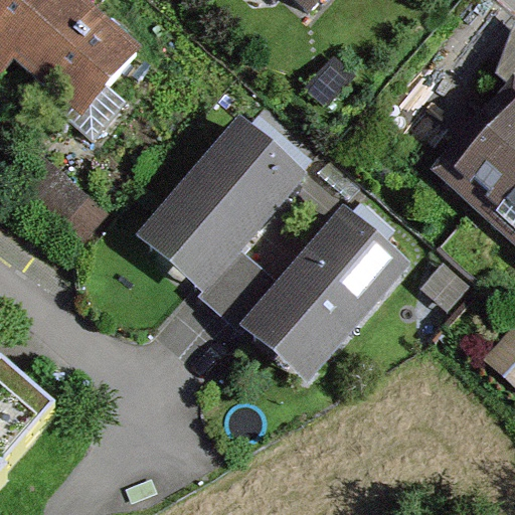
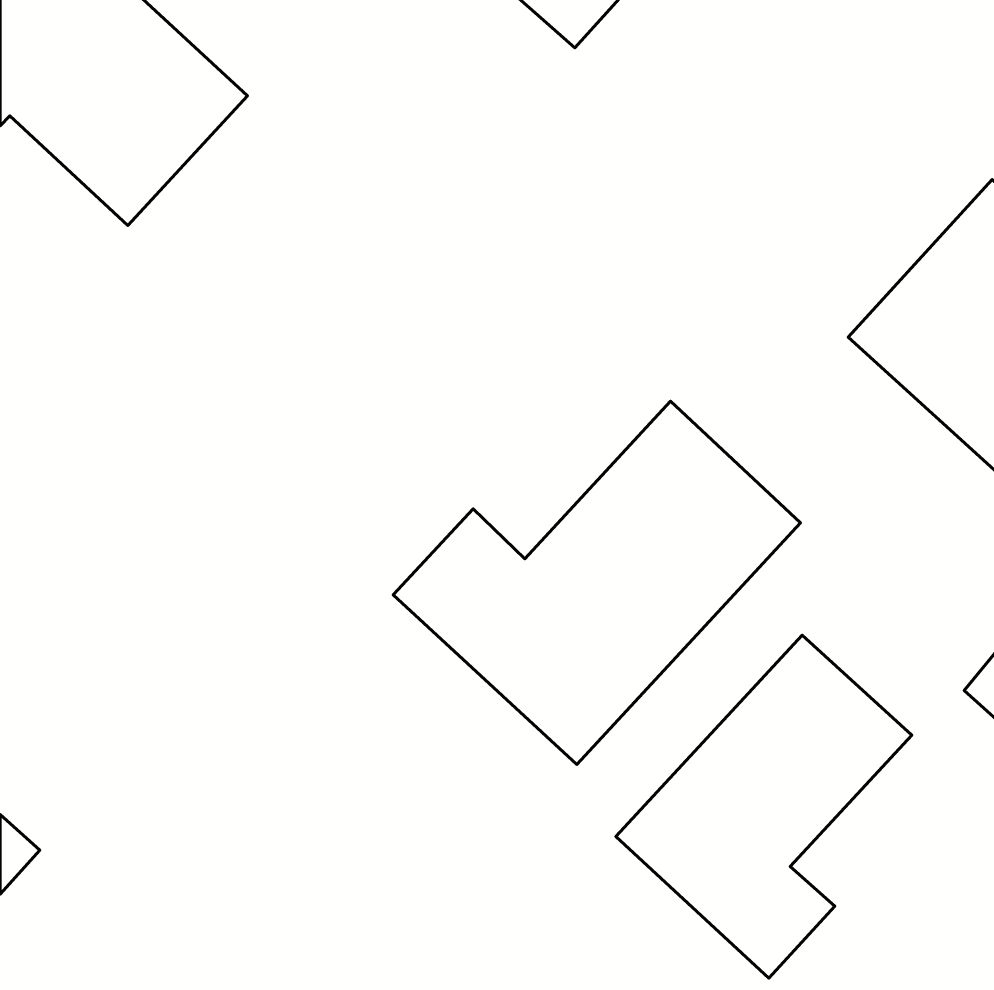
building: [134,114,306,288] -> none
building: none -> [616,635,912,978]

